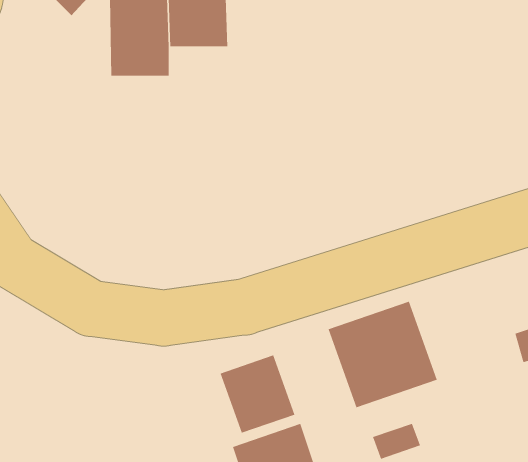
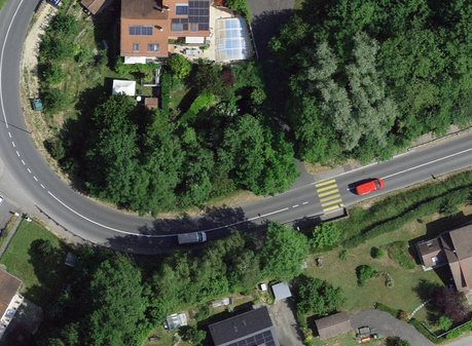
building: [328,301,437,408] -> none
building: [220,354,295,434] -> none

